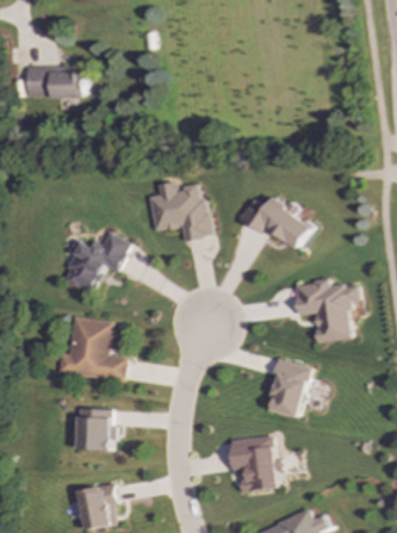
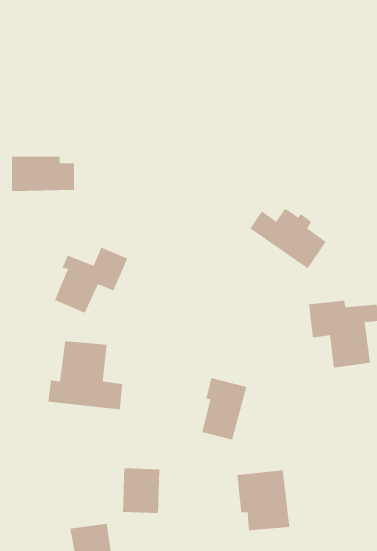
building: [24,66,82,98] -> [11,156,75,191]
building: [149,182,211,240] -> none
building: [268,359,310,416] -> [202,378,247,440]
building: [76,408,111,450] -> [122,468,160,514]

